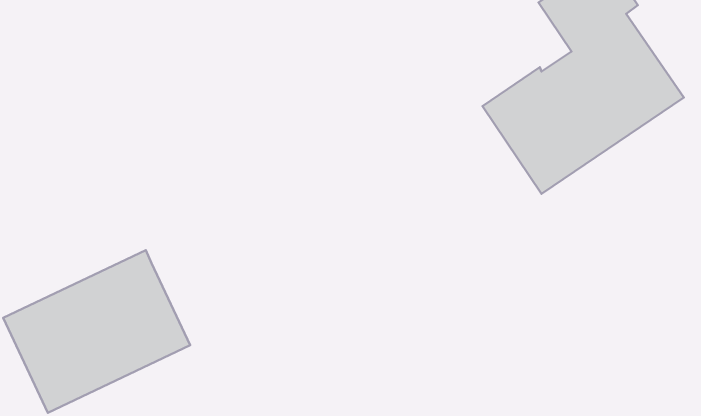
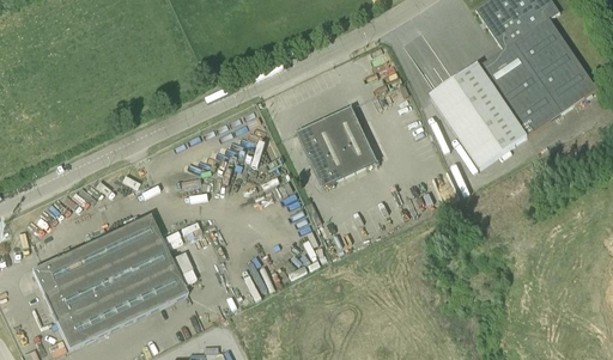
building: none -> [297,105,377,185]

